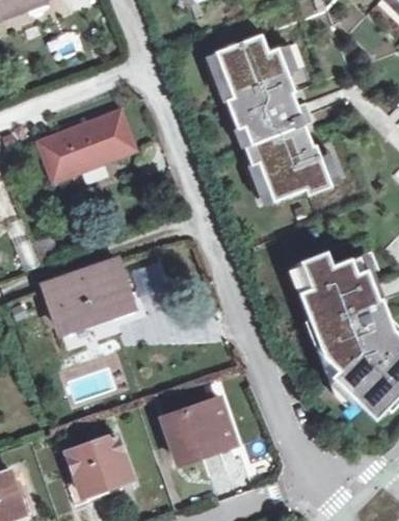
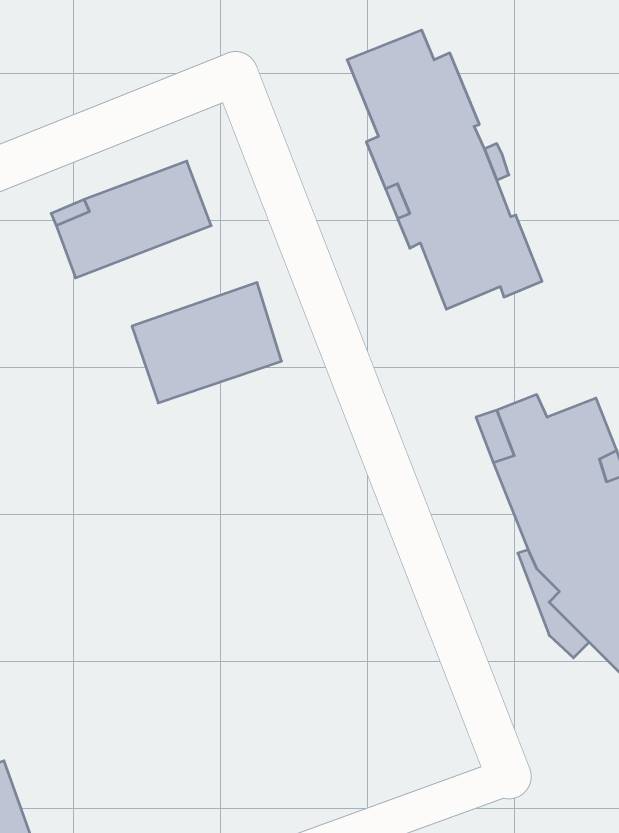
building: [44,259,133,331] -> [132,283,282,403]
building: [162,397,235,464] -> none
building: [64,433,131,505] -> none

